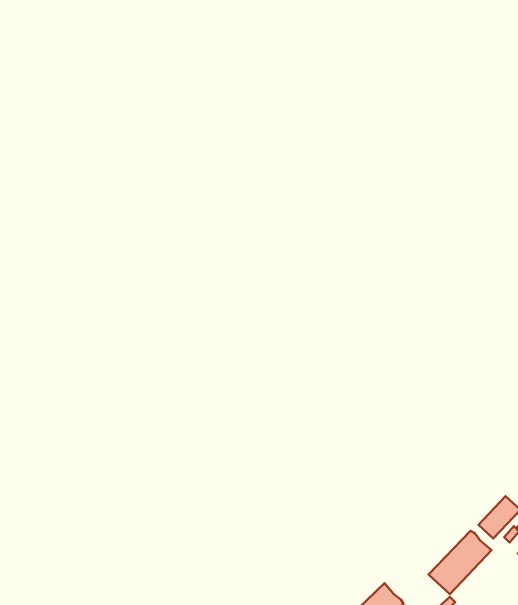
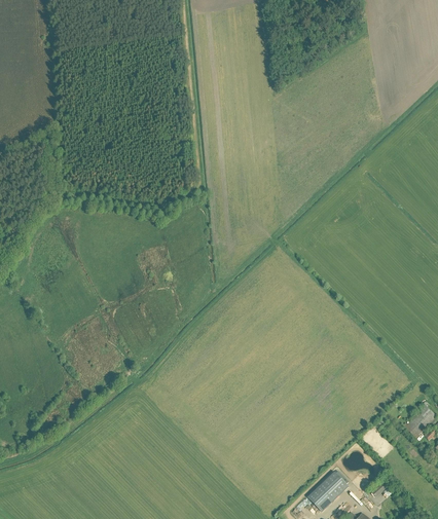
building: [429,531,492,594] -> none

